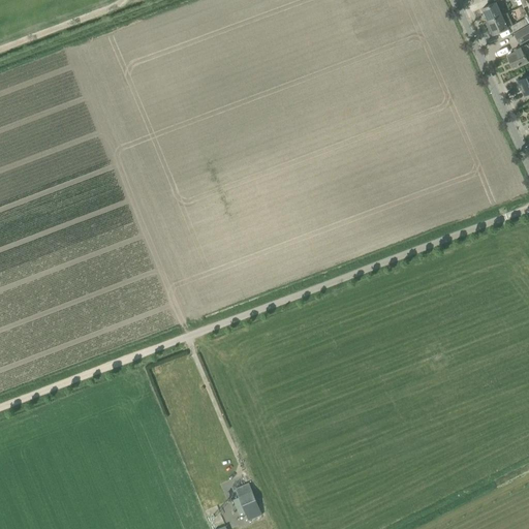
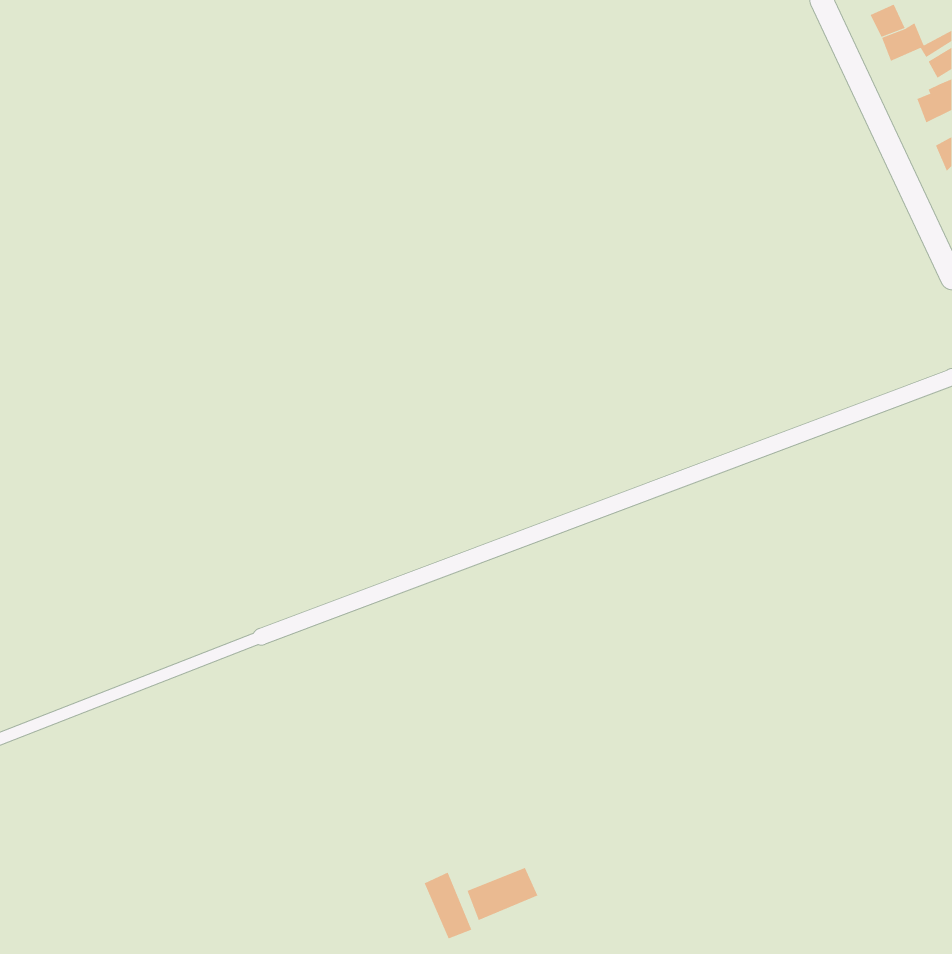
building: none -> [467,867,538,921]

